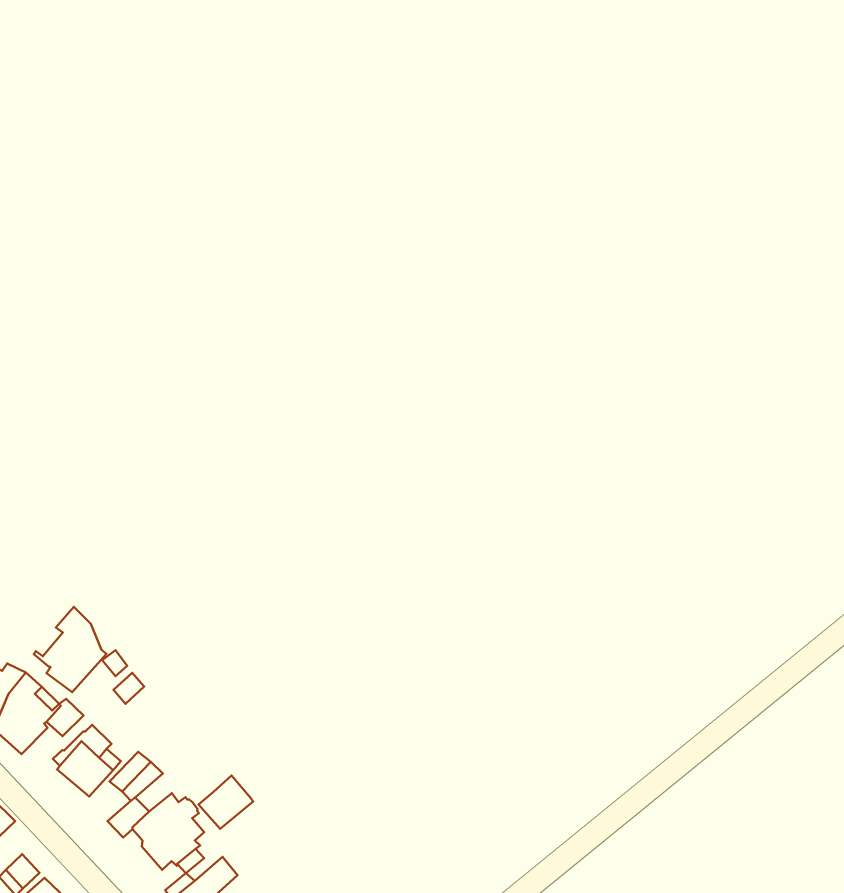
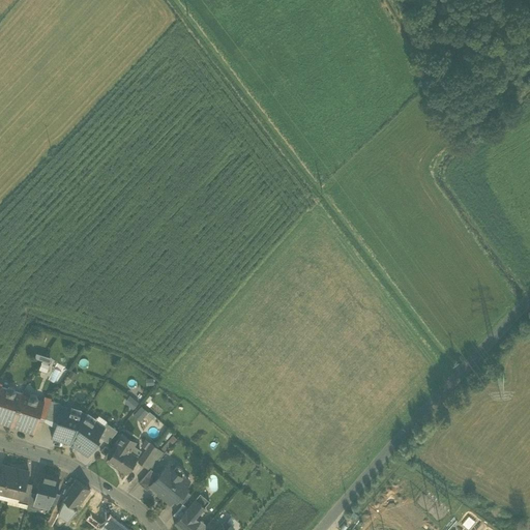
building: [34,607,106,692] -> none
building: [199,775,253,829] -> none

